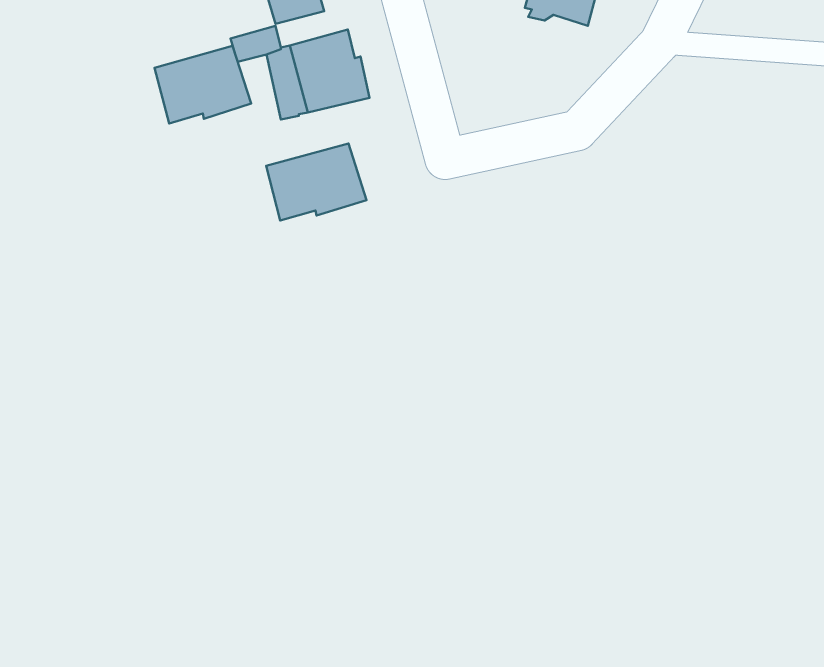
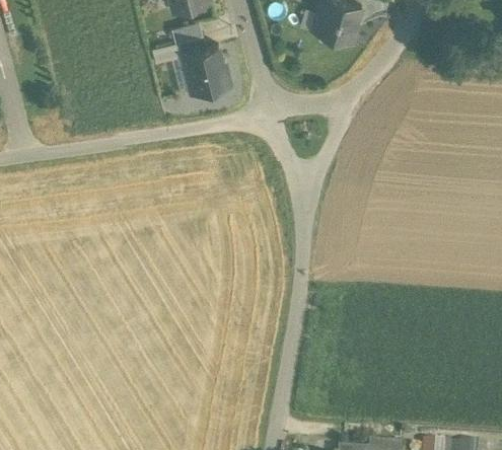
building: [154,46,251,123] -> none
building: [266,144,366,220] -> none

